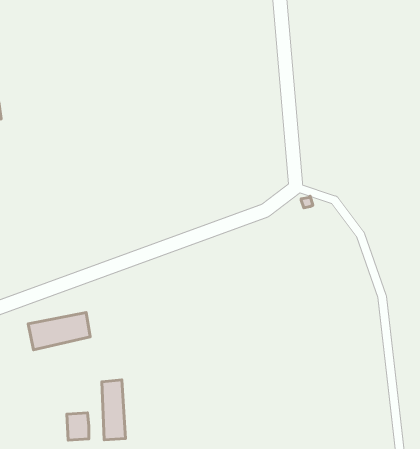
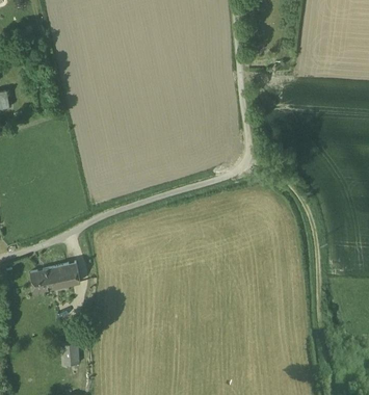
building: [102,380,125,440] -> none

